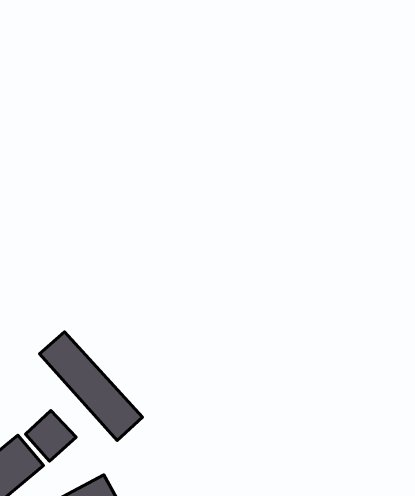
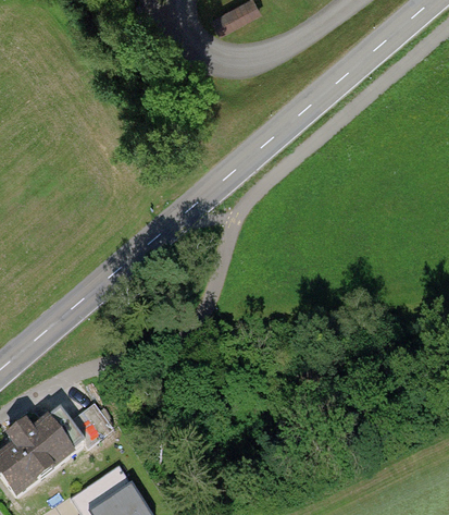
building: [39,332,143,441] -> none

